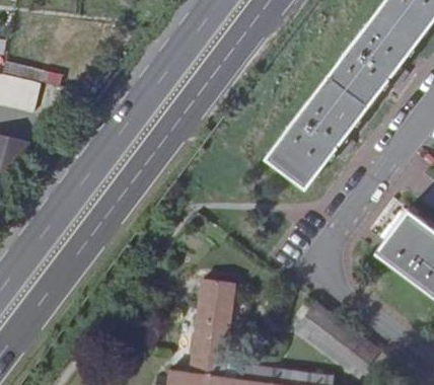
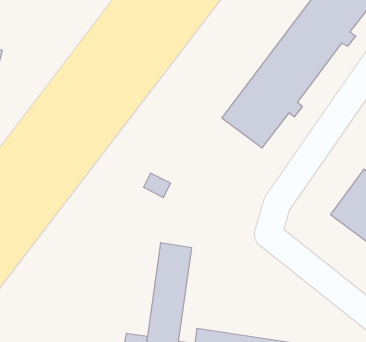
building: [294,301,377,375] -> none

